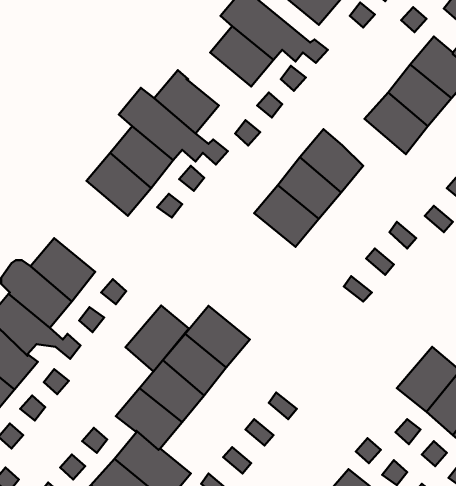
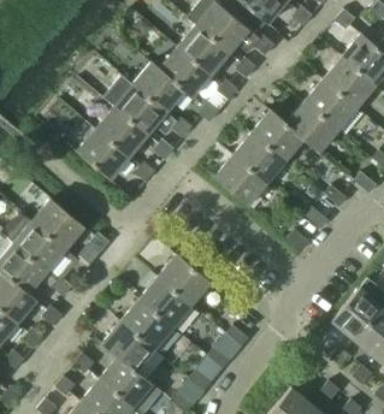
building: none -> [159,47,212,99]
building: none -> [286,101,338,153]
building: [126,305,189,372] -> none

